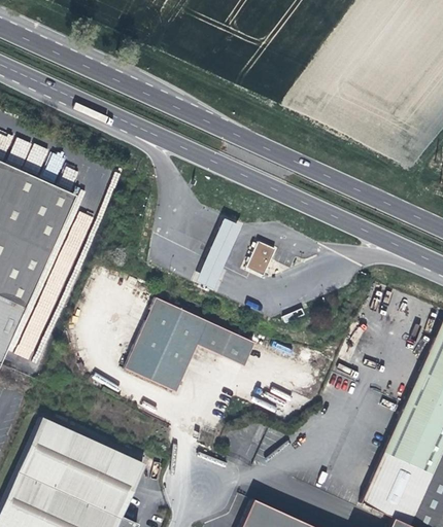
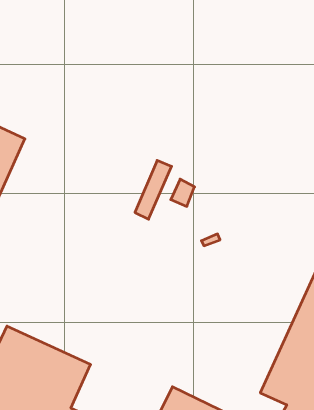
building: [124,293,255,386] -> none

